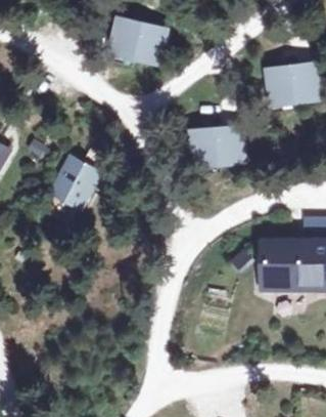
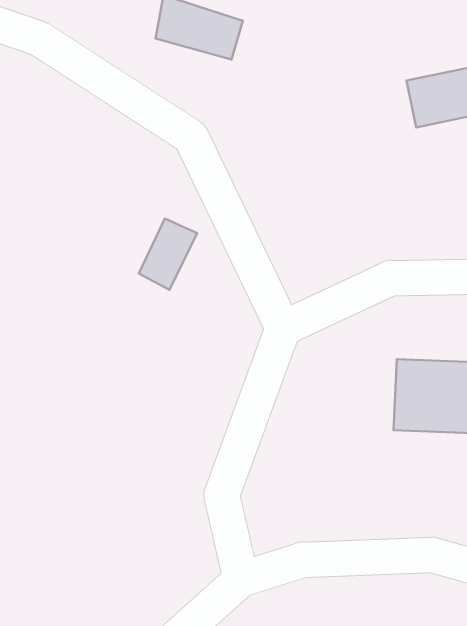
building: [196,121,245,160] -> none
building: [61,162,98,207] -> [139,219,197,290]

